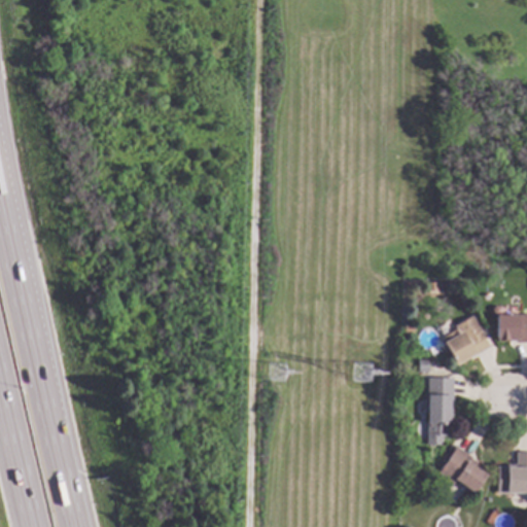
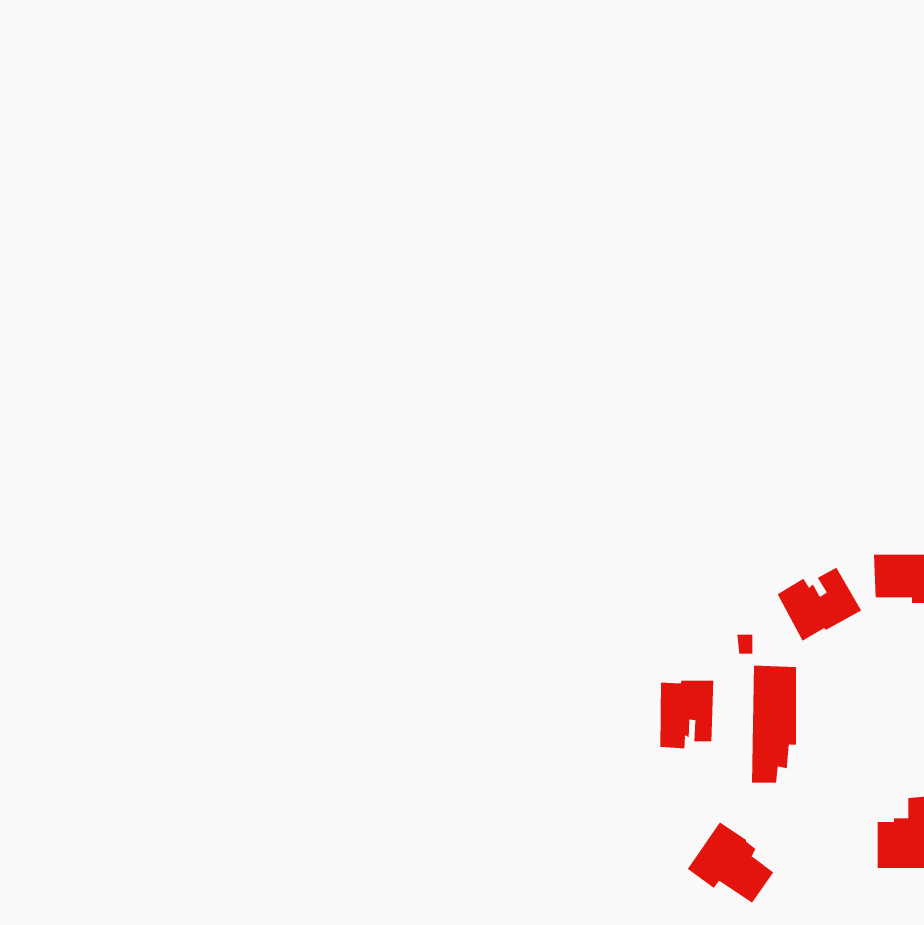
building: none -> [660,680,714,749]
building: [438,446,488,492] -> [687,822,774,903]

